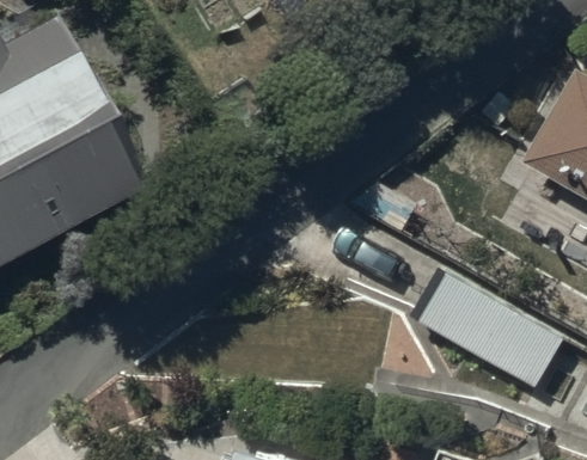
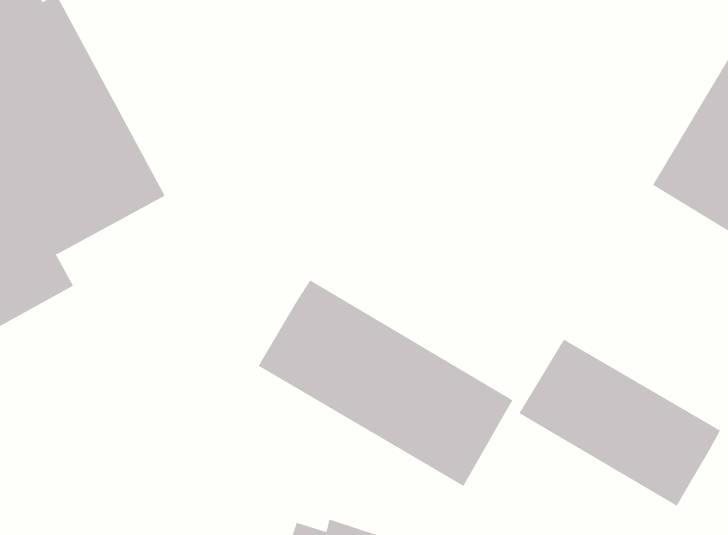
building: none -> [258,280,513,487]

